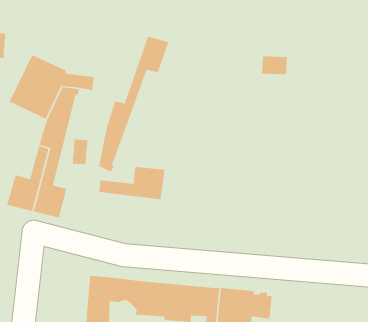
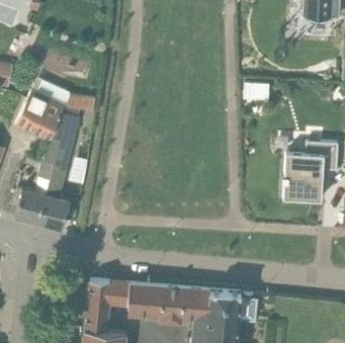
building: [98,36,169,173] -> none
building: none -> [282,143,338,201]
building: [99,166,165,200] -> none

